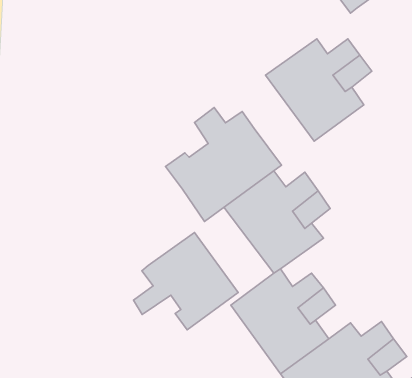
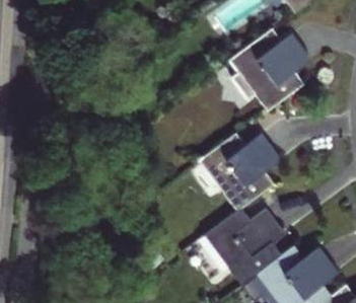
building: [166,107,282,221] -> none
building: [133,233,238,330] -> none

